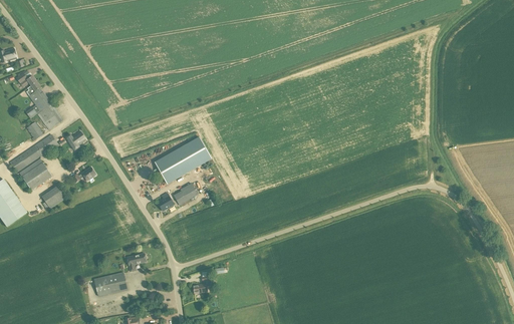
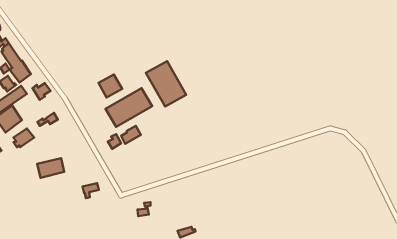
building: none -> [146,61,186,106]
building: none -> [98,75,122,98]
building: [93,272,126,296] -> [37,158,64,178]

